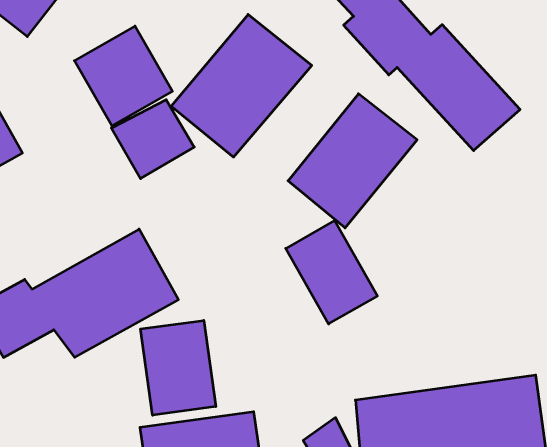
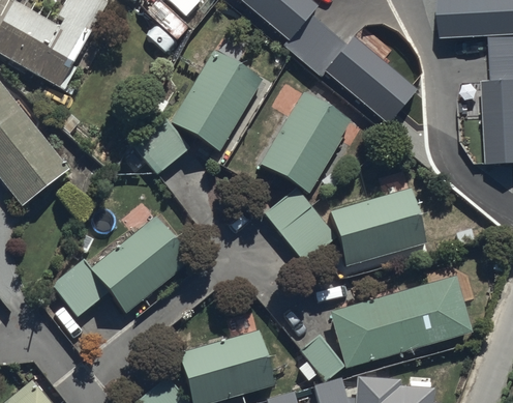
building: [74,26,172,126] -> none
building: none -> [328,189,427,269]
building: [141,320,216,415] -> none

